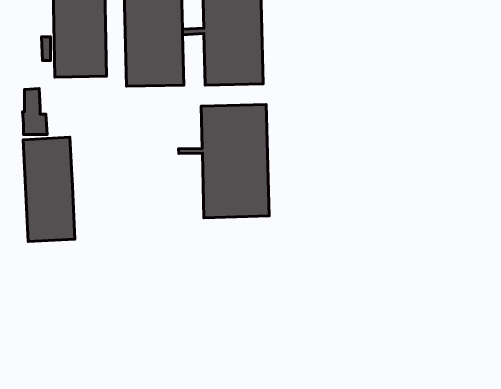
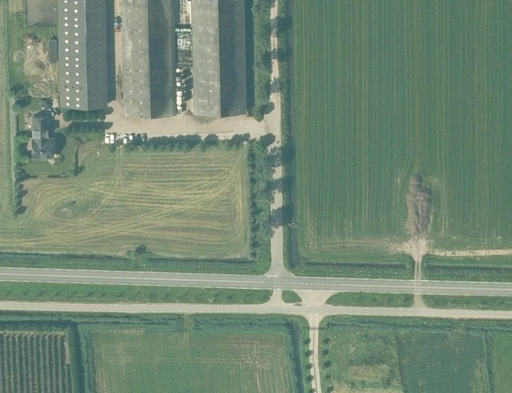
building: [178,104,269,218] -> none
building: [23,137,75,242] -> none

